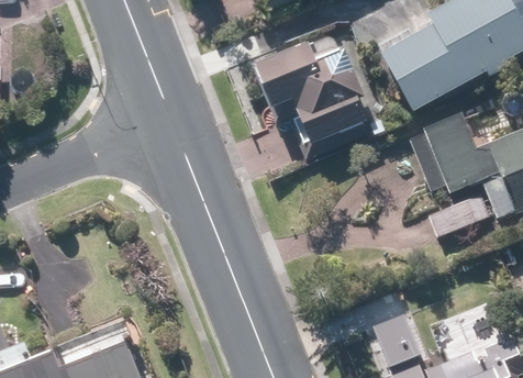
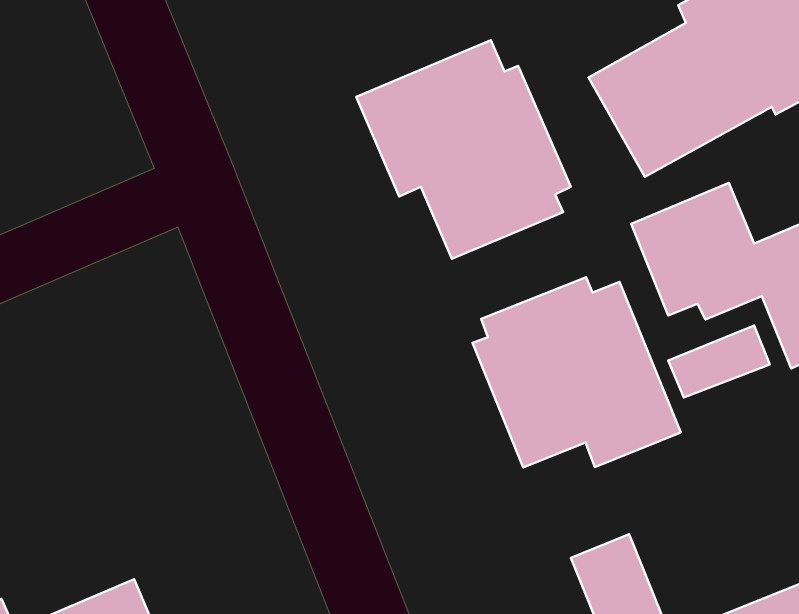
building: none -> [472,277,681,467]

